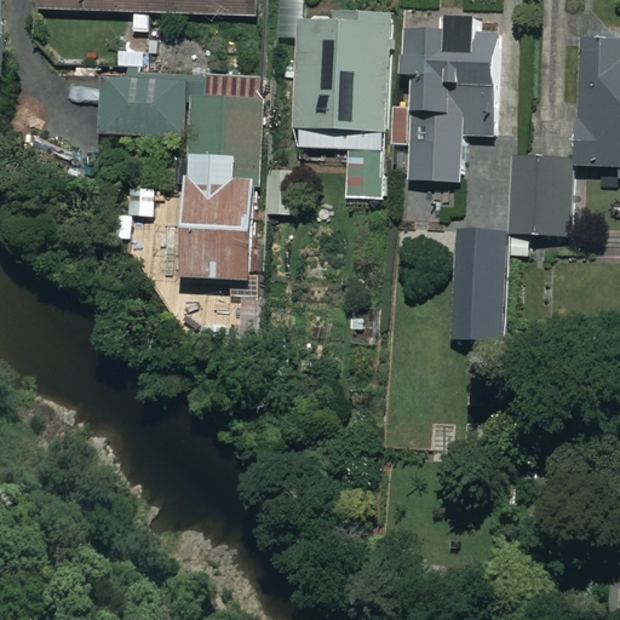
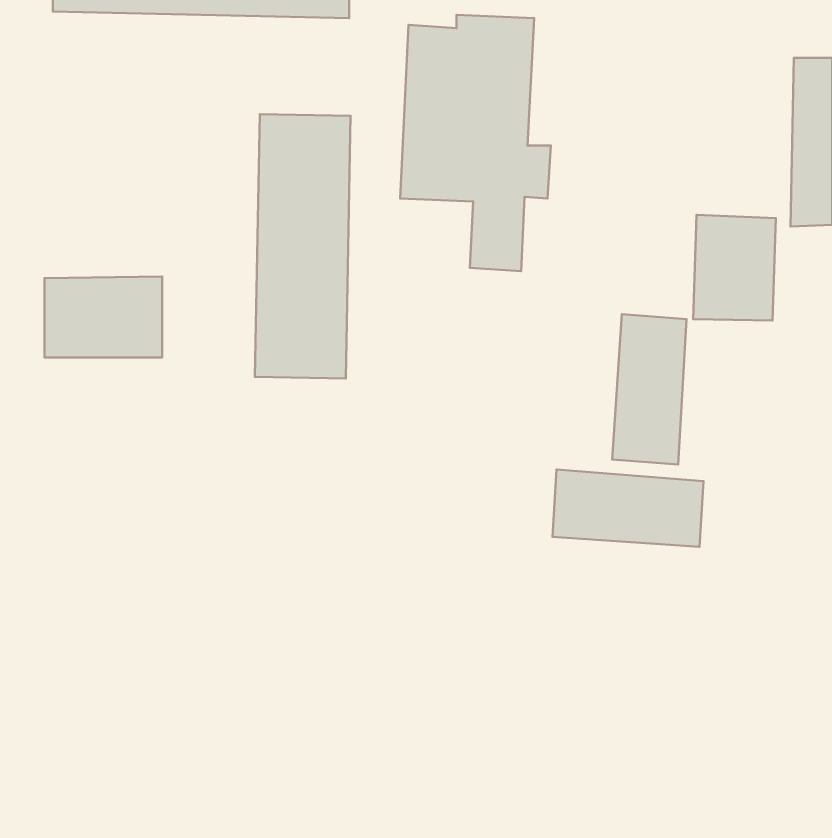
building: [402,19,496,180] -> none
building: [99,74,185,133] -> [45,277,162,358]
building: none -> [552,470,703,547]

